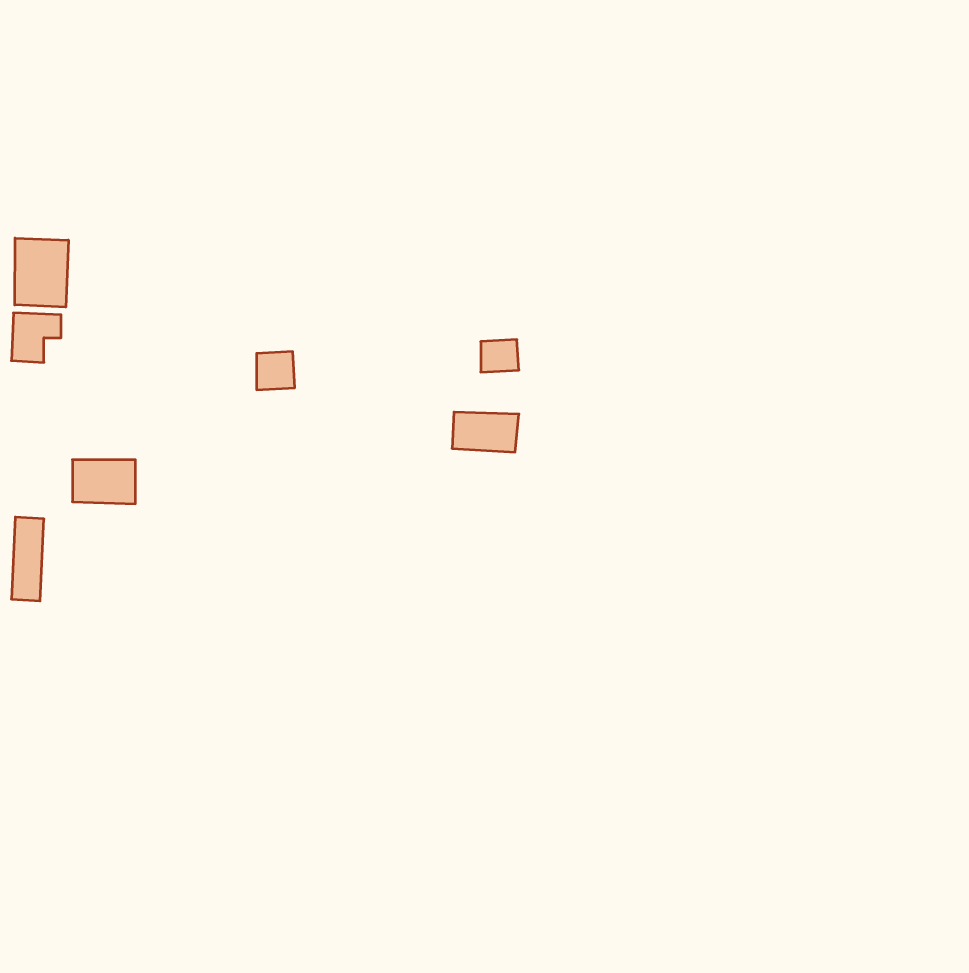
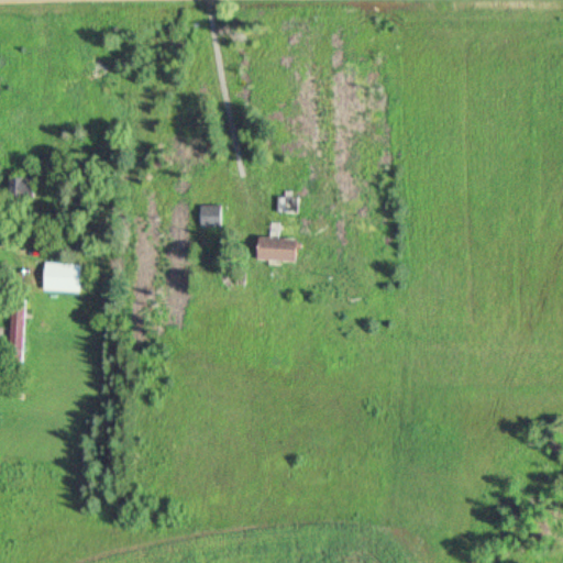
building: [15,238,68,307] -> none
building: [257,352,295,390] -> [199,206,221,228]

